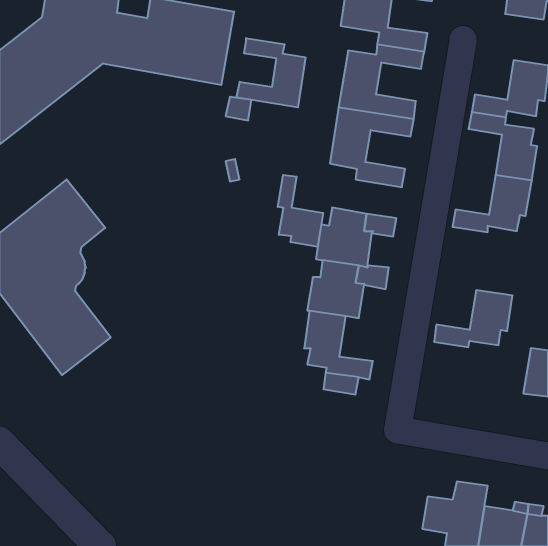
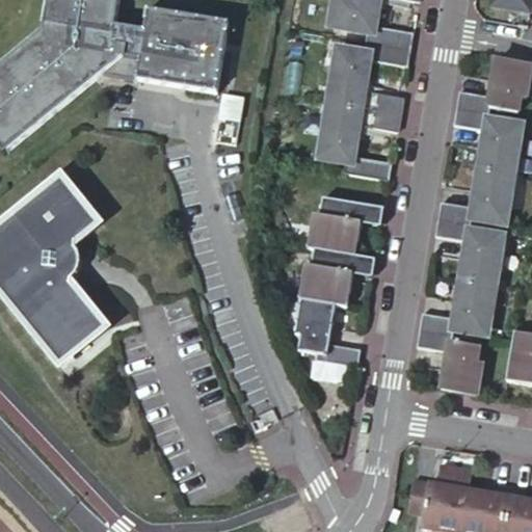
building: [237,38,305,107] -> none
building: [278,175,323,247] -> none
building: none -> [435,219,501,286]
building: none -> [417,330,483,397]

